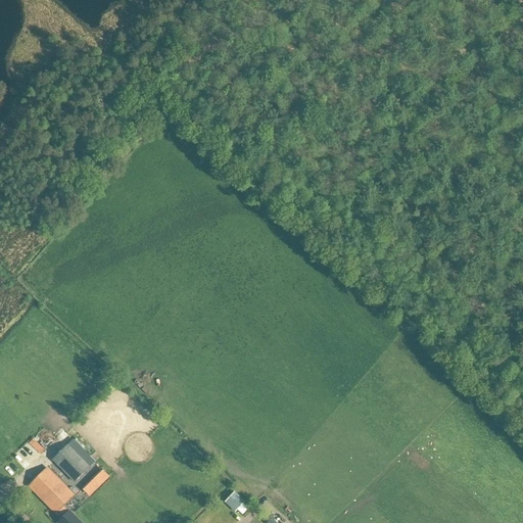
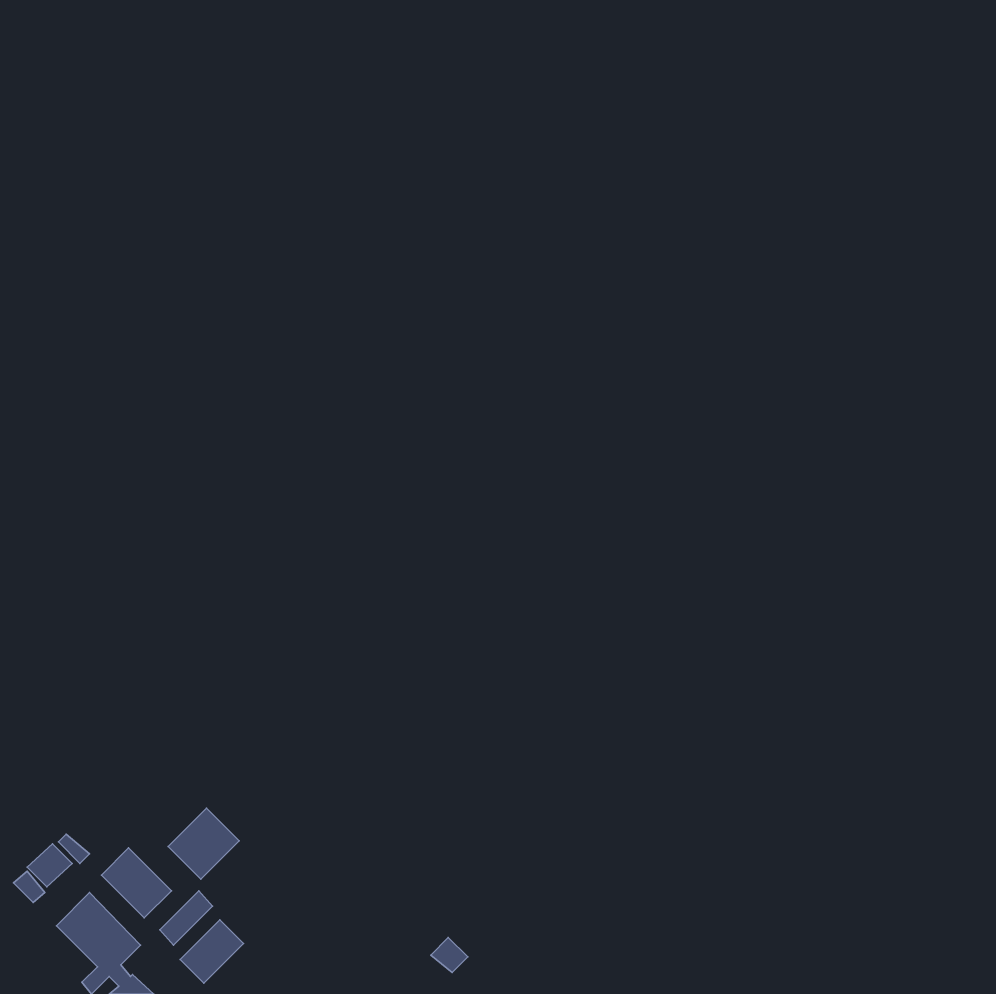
building: none -> [168,808,239,879]
building: none -> [180,920,244,983]

